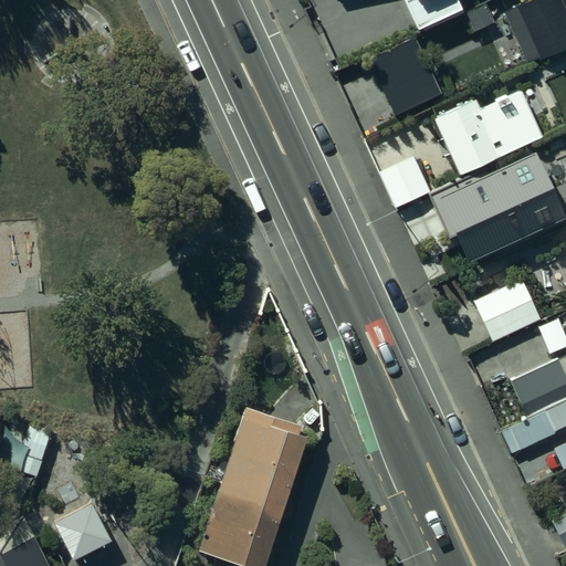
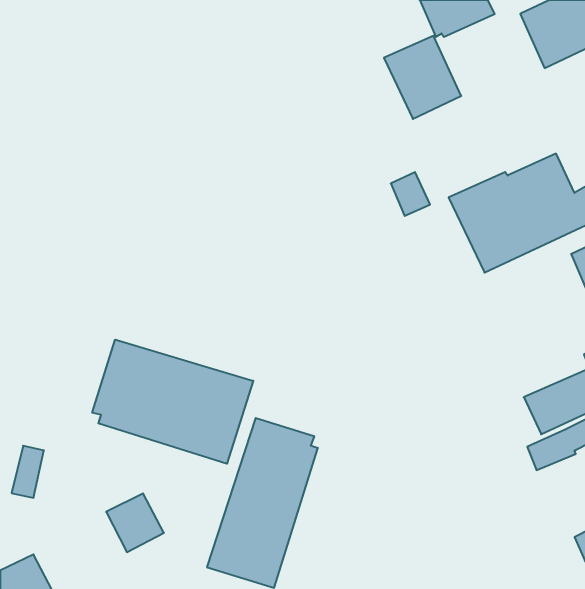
building: [421,93,535,179] -> none
building: [471,281,536,344] -> none
building: none -> [92,340,253,464]
building: [59,501,114,557] -> [106,493,164,552]

